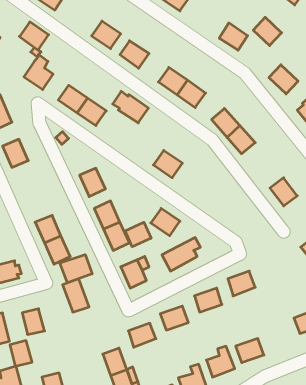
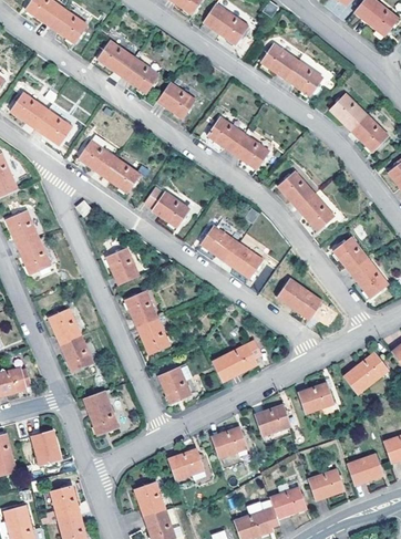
building: none -> [97,41,135,76]
building: none -> [261,43,299,80]
building: [253,17,282,46] -> [330,94,367,131]
building: [19,22,49,50] -> [10,93,48,129]
building: [113,91,148,123] -> [144,186,191,227]
building: none -> [333,237,370,273]
building: none -> [19,238,51,273]
building: none -> [278,277,323,319]
building: [151,208,180,236] -> [226,241,264,277]
building: [125,222,151,247] -> none
building: none -> [346,351,389,392]
building: [60,255,92,283] -> none
building: none -> [348,453,383,484]
building: [10,341,32,366] -> [51,485,80,518]

